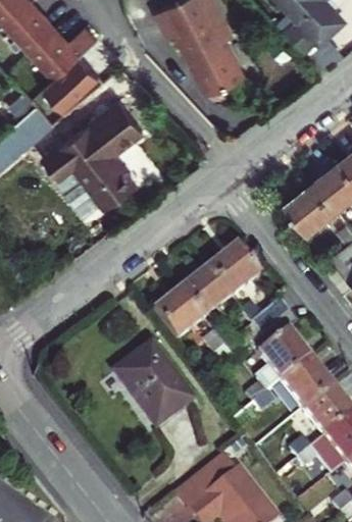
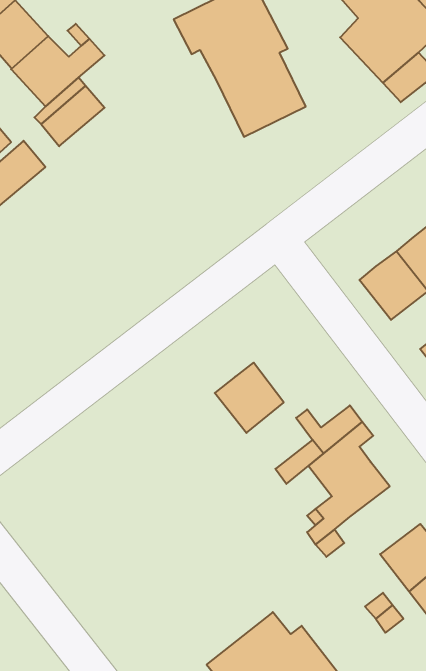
building: [40,98,149,211] -> none
building: [208,246,260,299] -> none
building: [151,292,203,344] -> none
building: [114,334,195,419] -> none
building: [280,361,332,411] -> none

